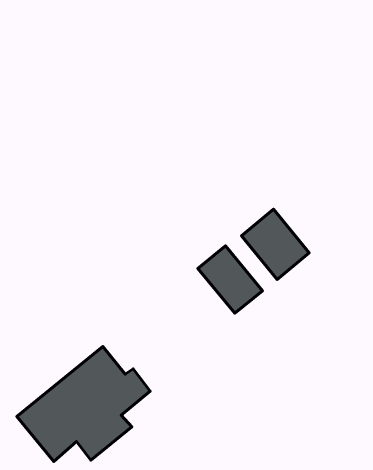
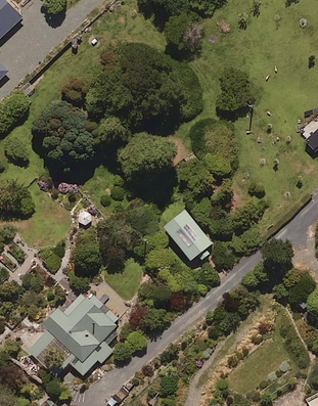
building: [241,209,309,279] -> none

